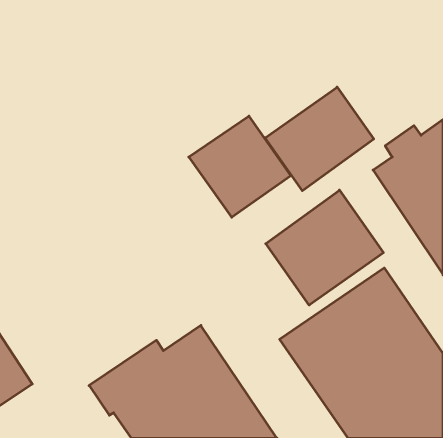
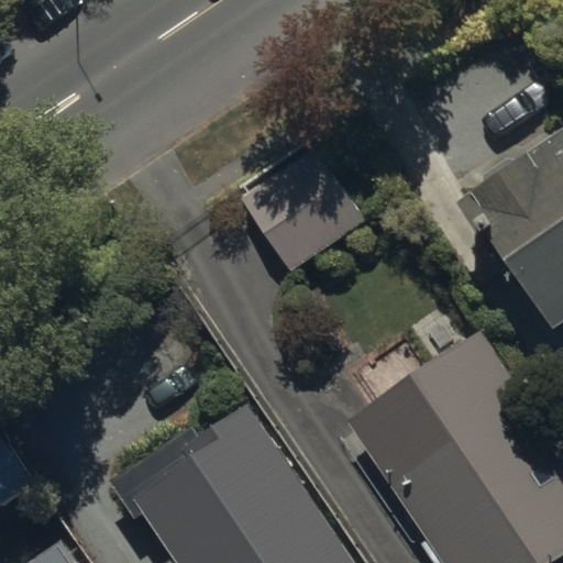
building: [265,87,374,191] -> none
building: [266,190,383,305] -> none

